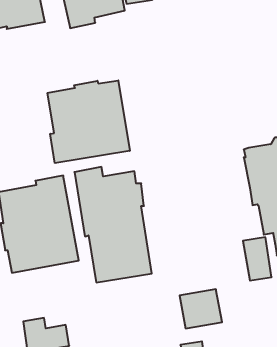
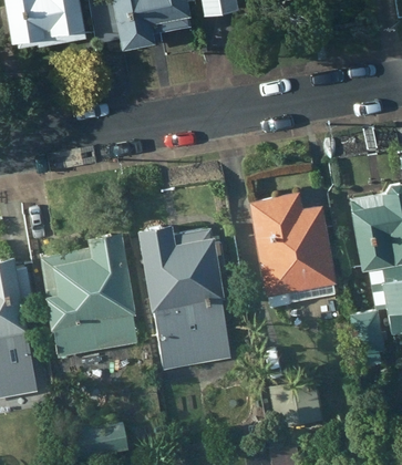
building: [48,80,130,163] -> none
building: none -> [248,190,338,307]

